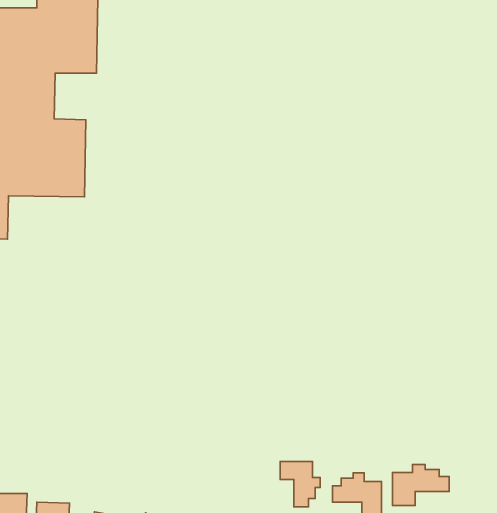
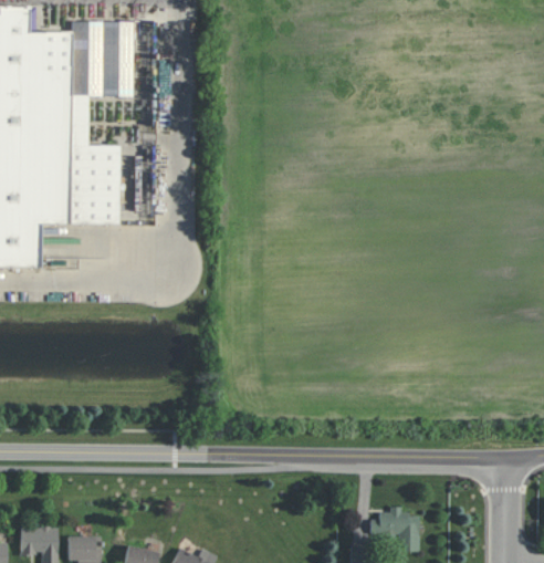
building: [280,461,320,507] -> none
building: [393,465,449,506] -> none

